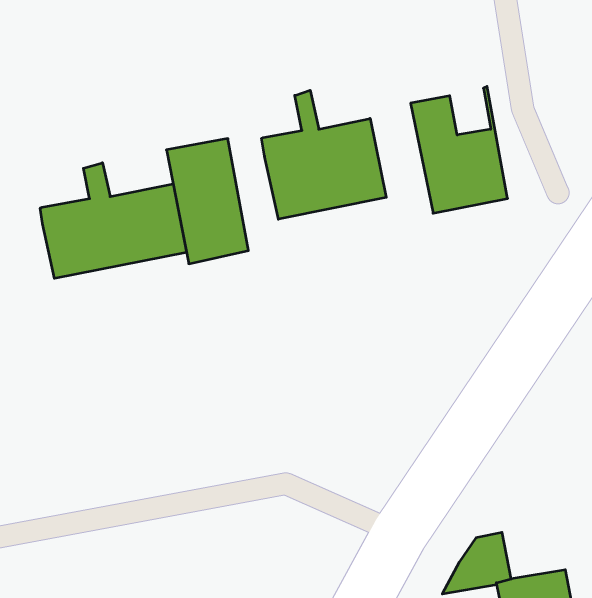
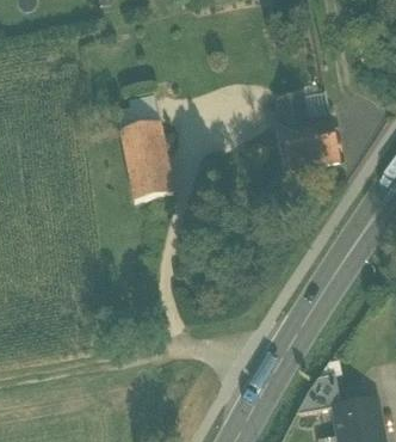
building: [262,90,386,219] -> none
building: [40,163,186,278] -> none

